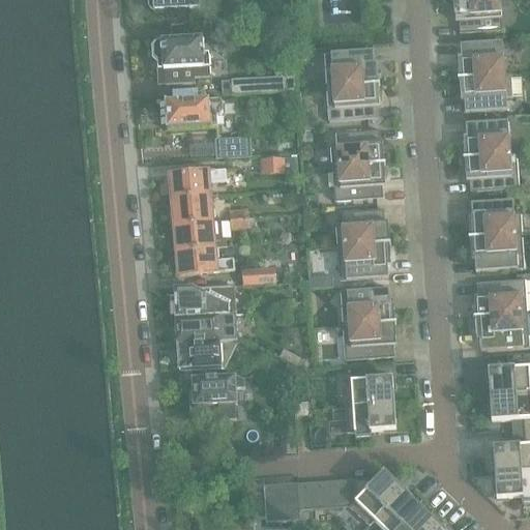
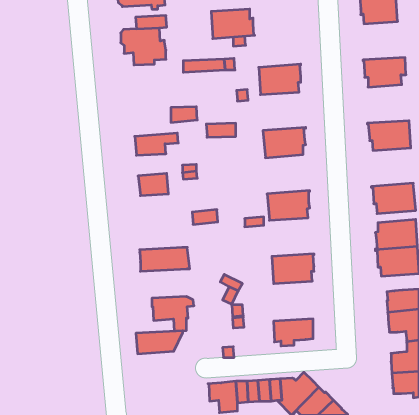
building: [458,38,510,76] -> none
building: [324,48,379,85] -> [211,9,255,39]
building: [166,96,222,126] -> none
building: [463,118,516,155] -> none
building: [330,127,385,165] -> none
building: [172,194,210,222] -> none
building: [468,198,521,235] -> none
building: [335,206,390,244] -> none
building: [177,244,233,272] -> none
building: [174,283,236,315] -> none
building: [341,286,395,323] -> none
building: [177,338,236,367] -> [136,331,183,354]
building: [345,376,394,405] -> none

